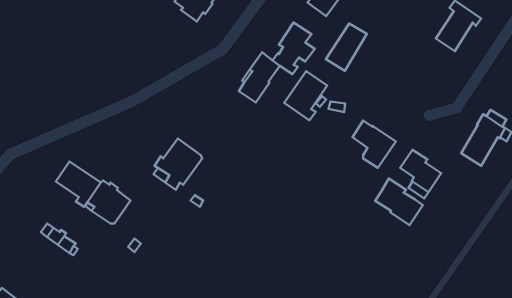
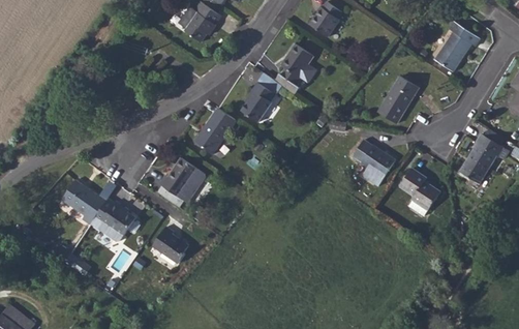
building: [326,23,367,71] -> [377,76,418,122]
building: [284,71,327,120] -> none
building: none -> [193,107,236,153]
building: [375,179,423,225] -> none
building: none -> [152,226,188,262]

